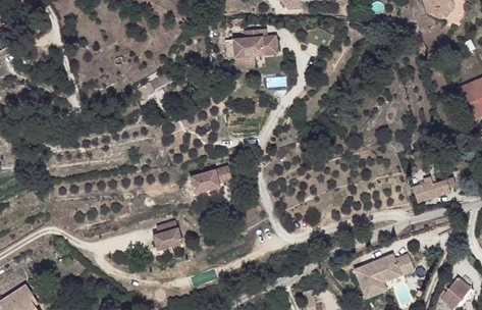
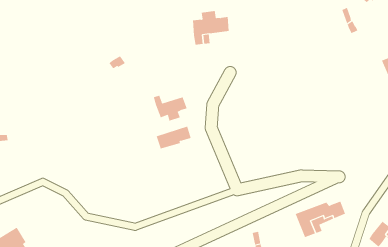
building: none -> [153,95,187,122]
building: [413,176,456,201] -> none
building: [153,219,182,249] -> none

